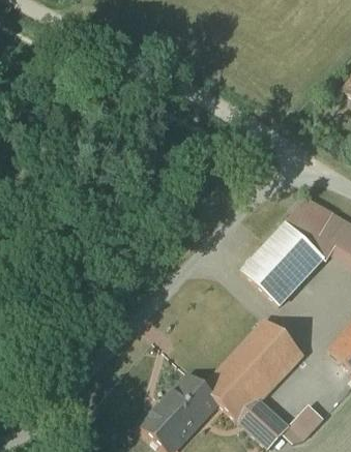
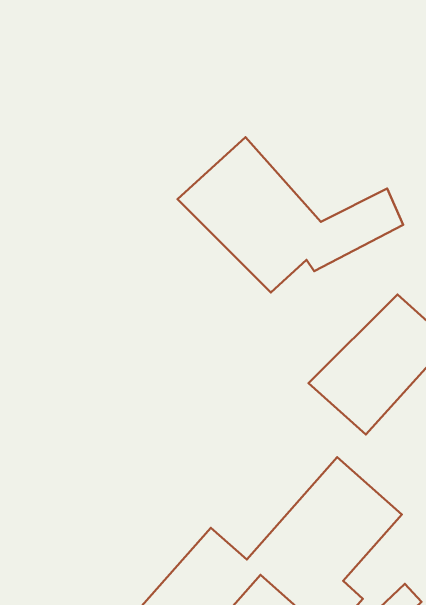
building: none -> [178,137,403,293]

